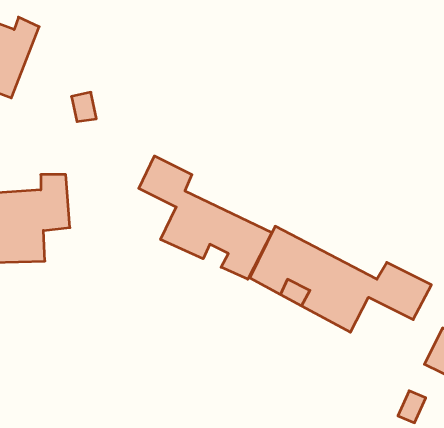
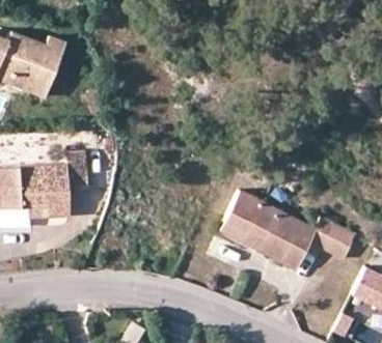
building: [139,156,272,279] -> none

